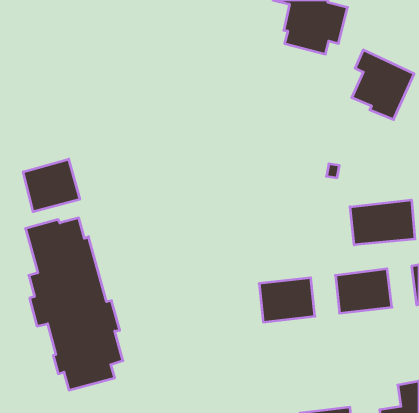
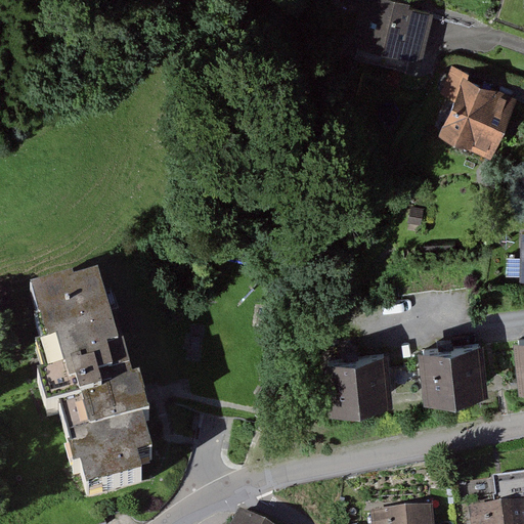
building: [23,159,80,212] -> none
building: [350,200,415,245] -> none

